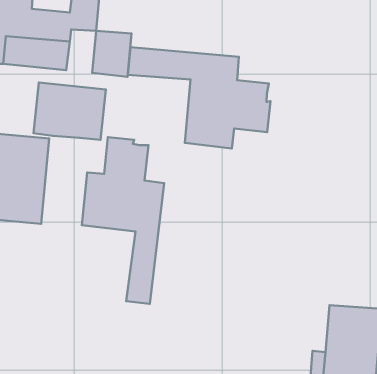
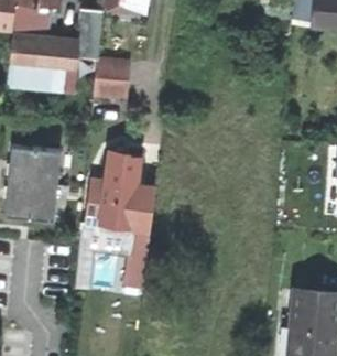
building: [128,47,270,148] -> none
building: [34,83,106,140] -> none

